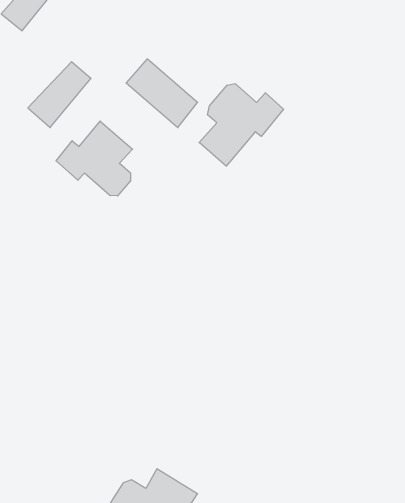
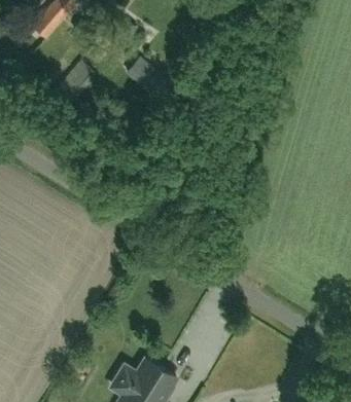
building: [199,84,284,166] -> none
building: [56,121,133,196] -> none

